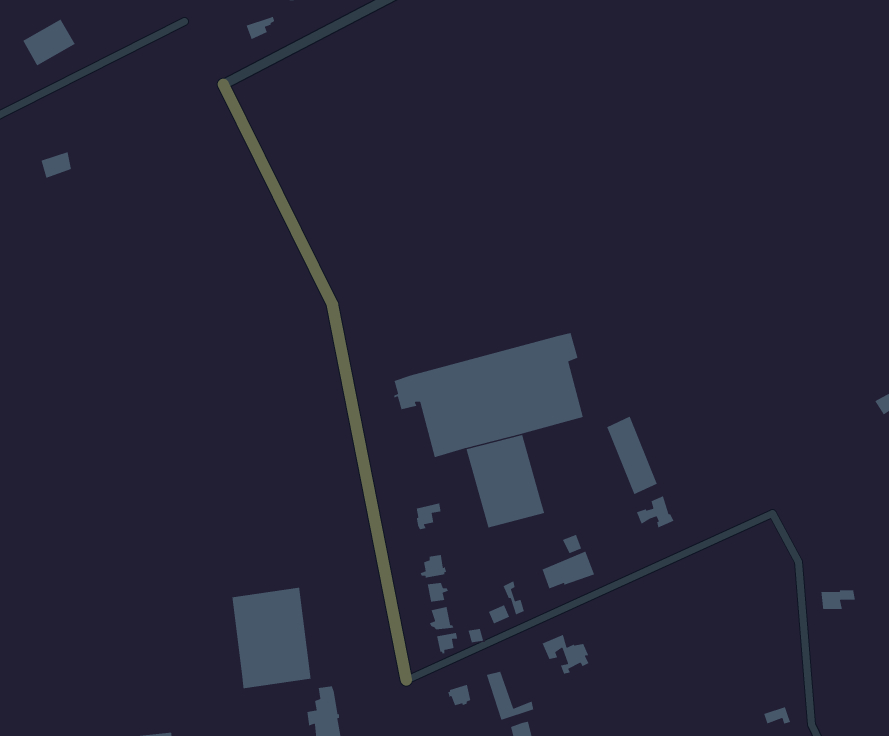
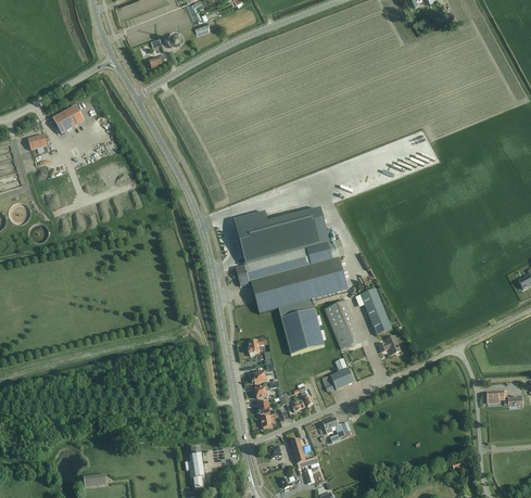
building: [22,18,76,66] -> [53,105,85,133]
building: none -> [233,209,330,265]
building: none -> [330,301,362,347]
building: [231,587,311,689] -> none

